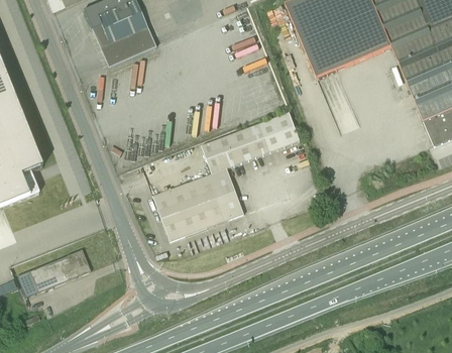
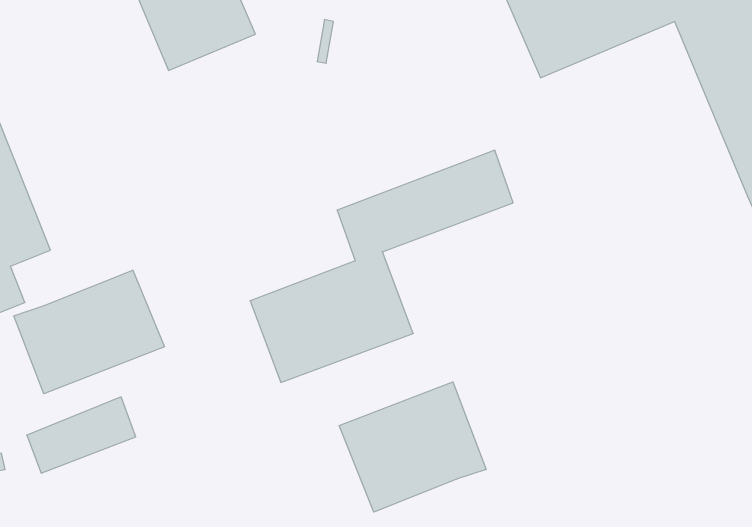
building: none -> [14,270,164,394]
building: none -> [339,382,486,512]

